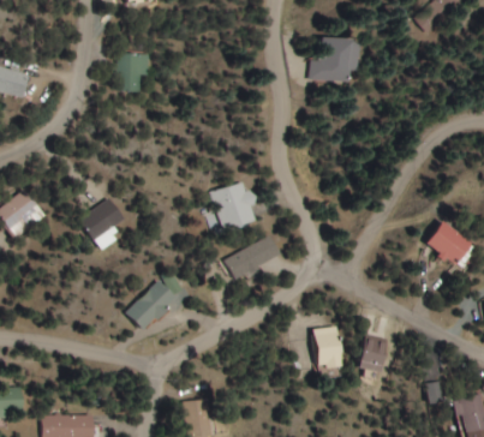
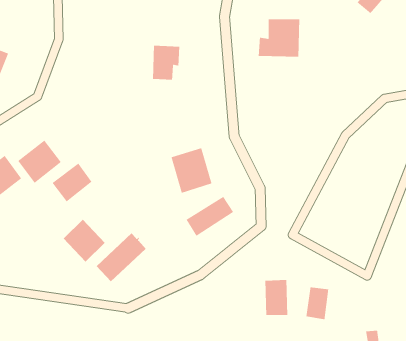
building: [118,54,149,94] -> [152,45,180,81]
building: none -> [17,139,62,184]
building: [425,222,466,265] -> none
building: none -> [63,219,106,263]

